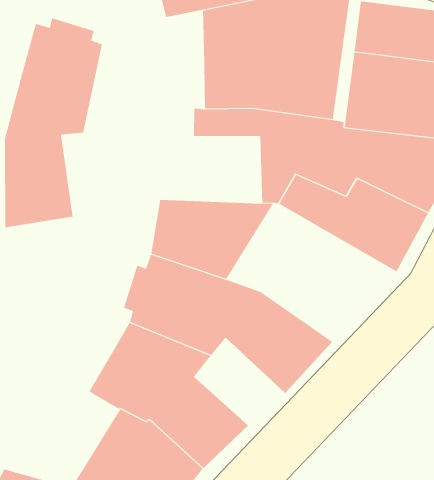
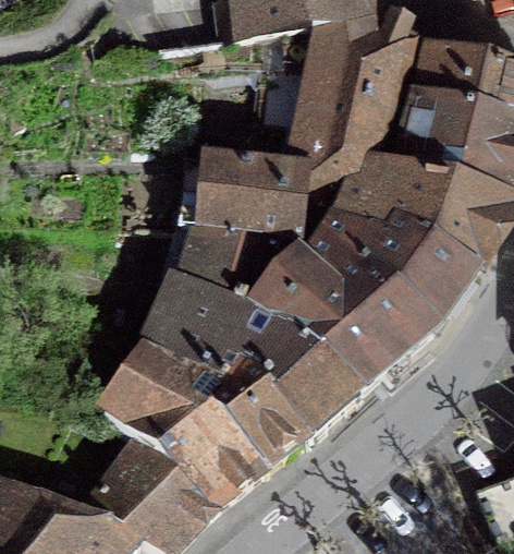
building: [4,18,102,228] -> none
building: none -> [188,158,316,237]
building: none -> [267,238,443,386]
building: none -> [223,371,314,463]

